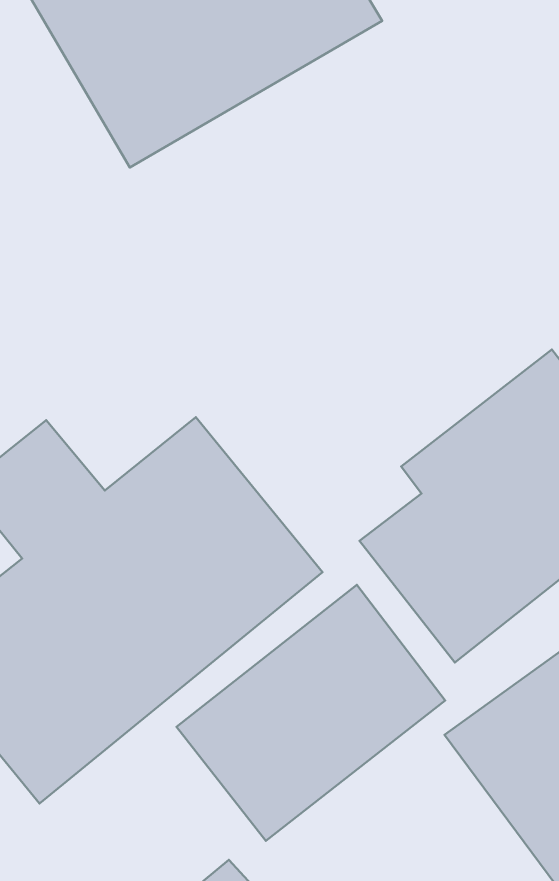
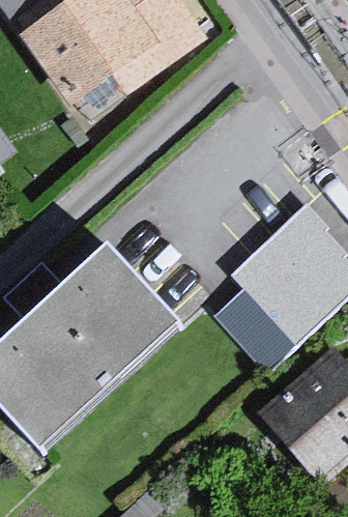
building: [177,585,445,841] -> none

